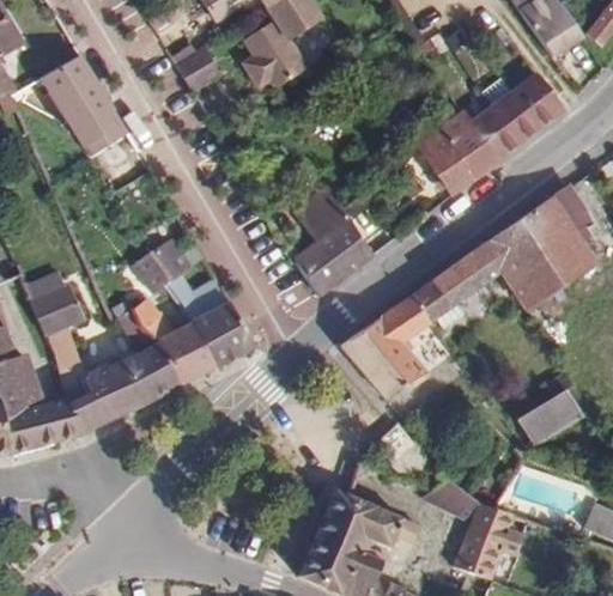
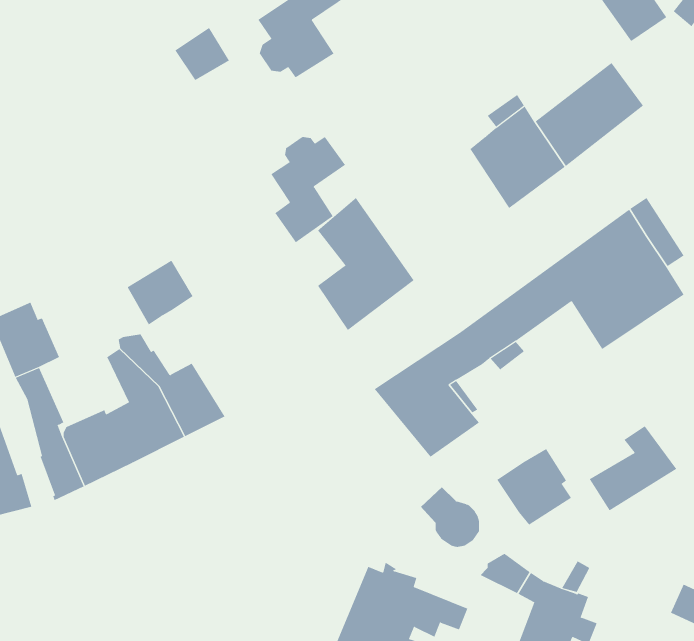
building: [43,54,126,151] -> none
building: none -> [271,136,346,243]
building: [182,284,255,366] -> none
building: none -> [497,448,572,525]

